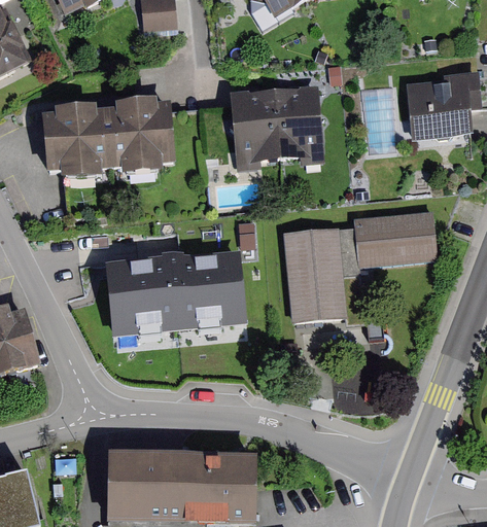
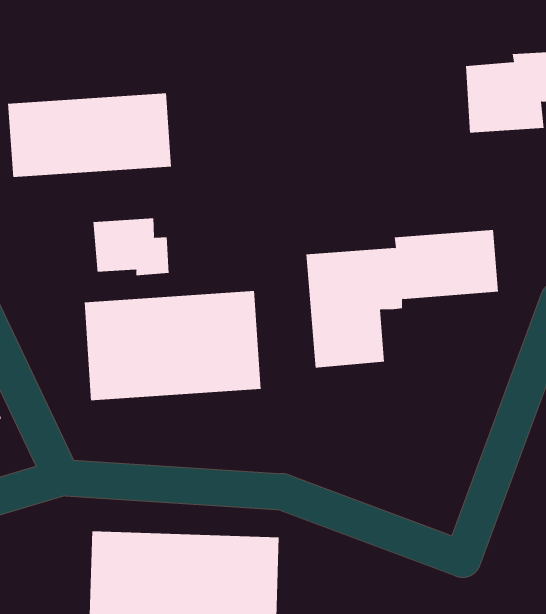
building: [232,87,321,161] -> none
building: none -> [93,217,169,276]

